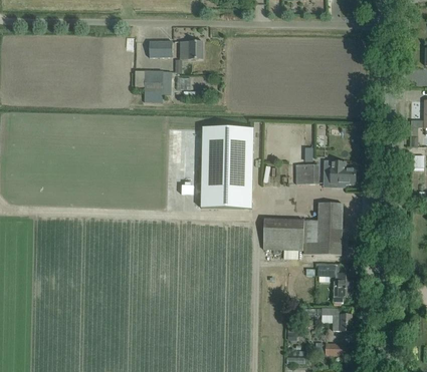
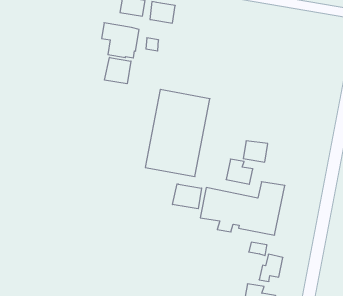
building: none -> [105,57,131,84]
building: [331,161,356,183] -> [226,159,253,184]
building: none -> [173,184,202,209]

